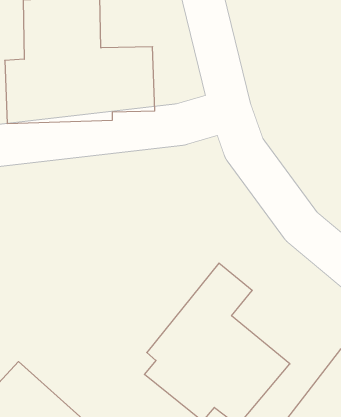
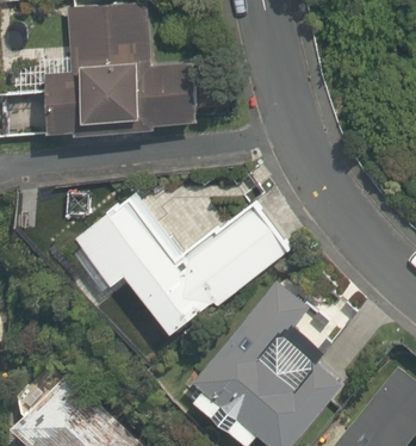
building: none -> [79,196,288,327]

